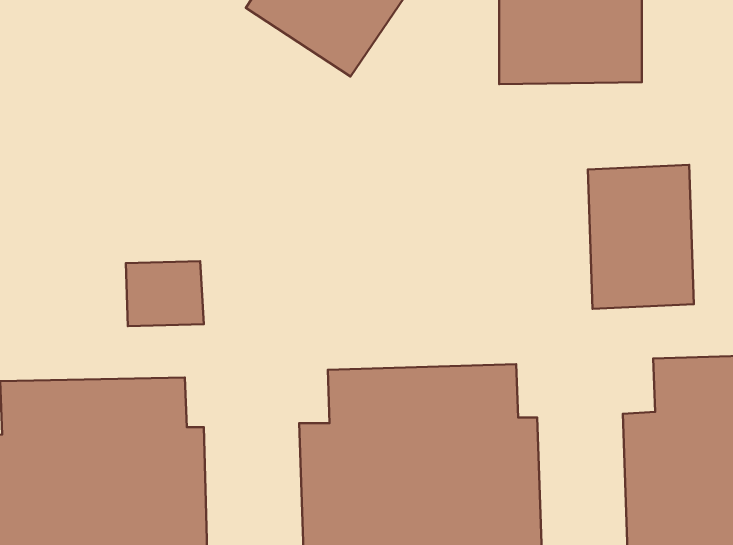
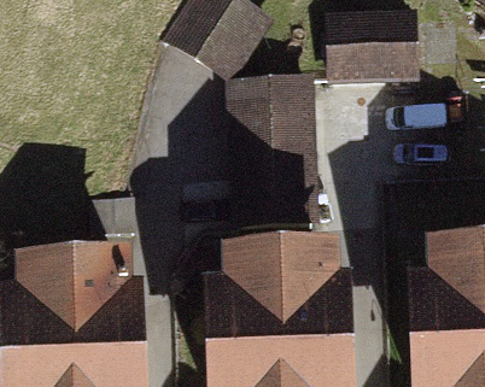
building: none -> [230,70,321,216]
building: [588,165,694,309] -> none

